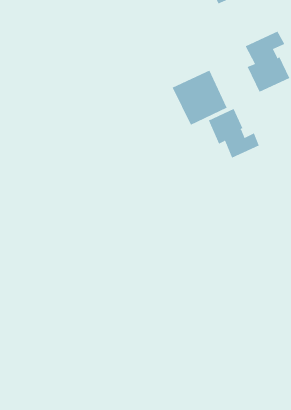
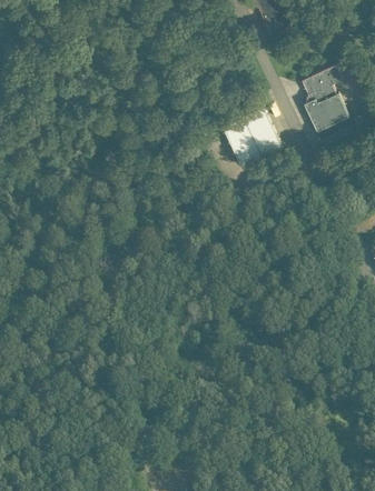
building: [208,108,259,158] -> none

